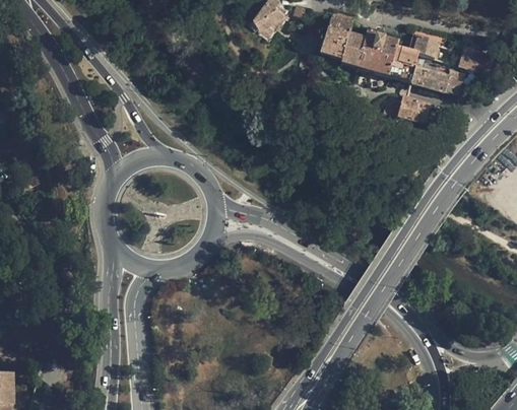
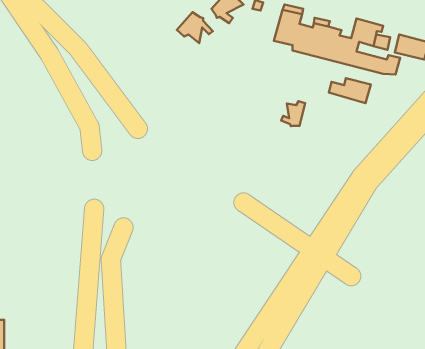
building: none -> [177,12,213,43]
building: none -> [281,101,305,126]

